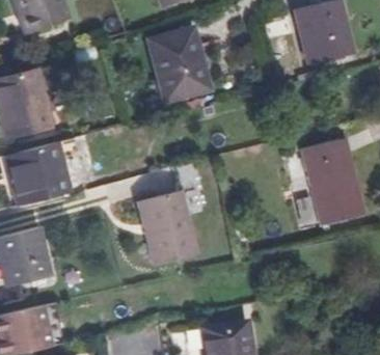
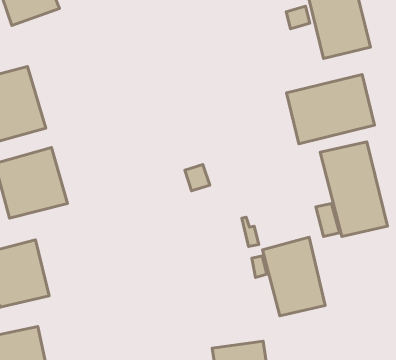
building: [144,31,201,101] -> none
building: none -> [287,75,374,144]
building: [141,191,198,263] -> [263,237,325,316]

